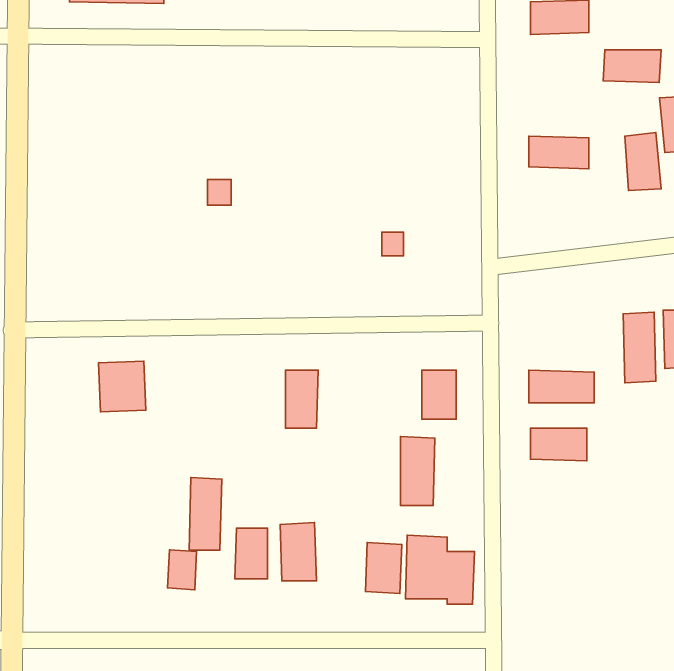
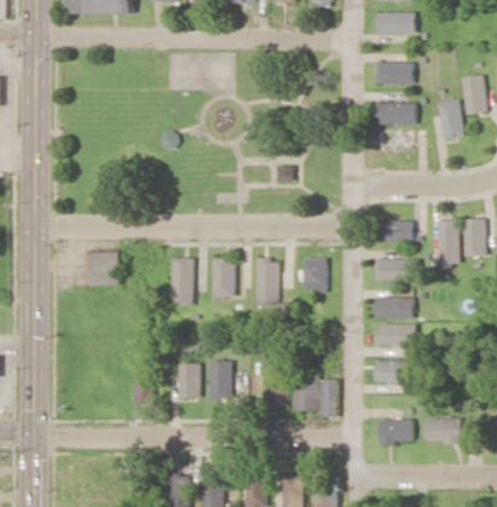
building: [603,50,661,83] -> [374,62,412,83]
building: none -> [377,219,412,241]
building: [400,436,435,505] -> [254,258,277,304]
building: none -> [375,322,415,345]
building: [189,477,222,550] -> [171,257,192,305]
building: none -> [374,359,408,381]
building: none -> [423,417,460,442]
building: none -> [378,419,411,443]

